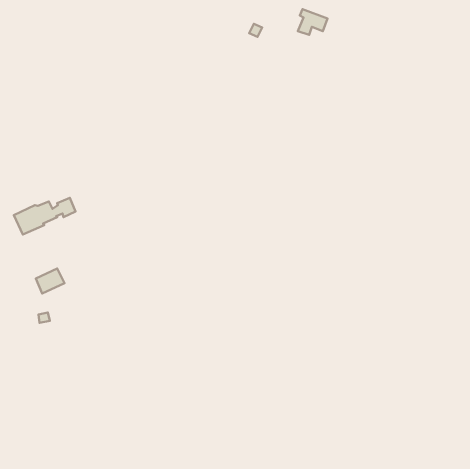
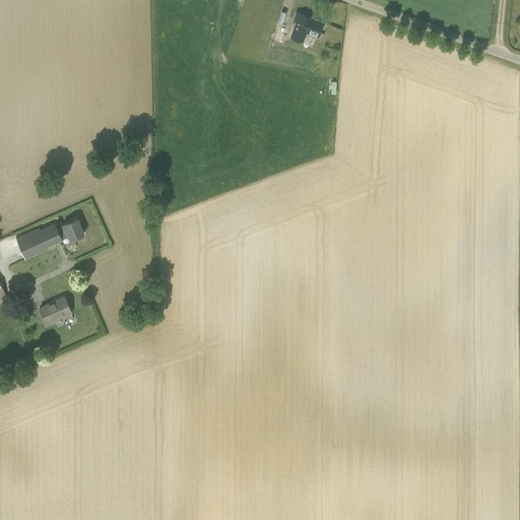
building: [298,9,327,35] -> [290,13,323,42]

